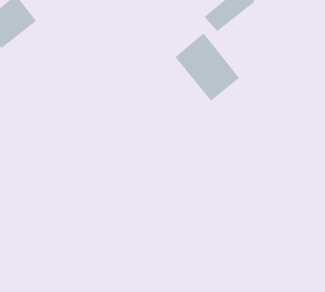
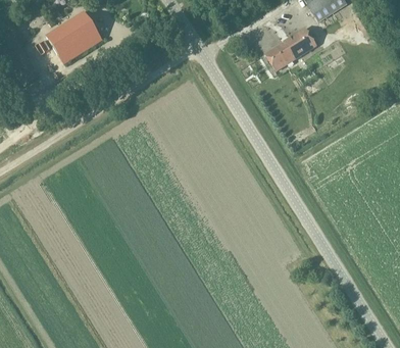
building: [175,33,240,101] -> none

